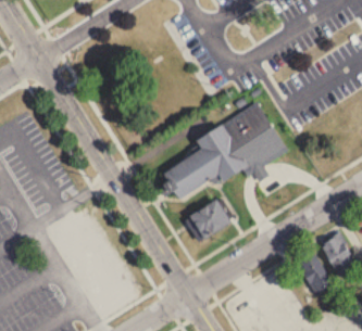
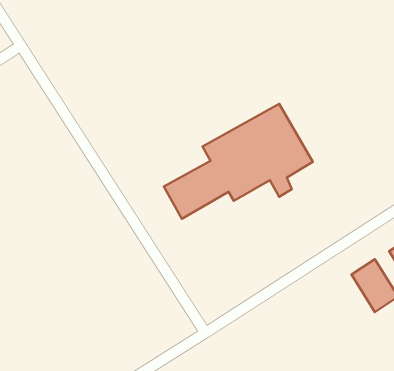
building: [183,199,228,241] -> none
building: [296,251,332,293] -> none

